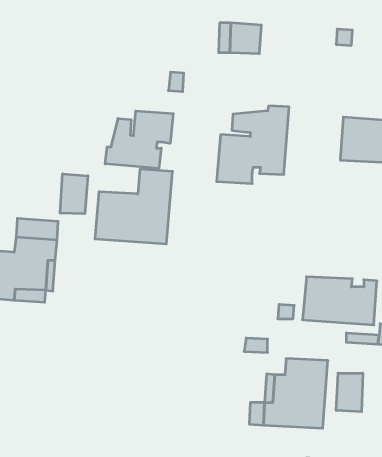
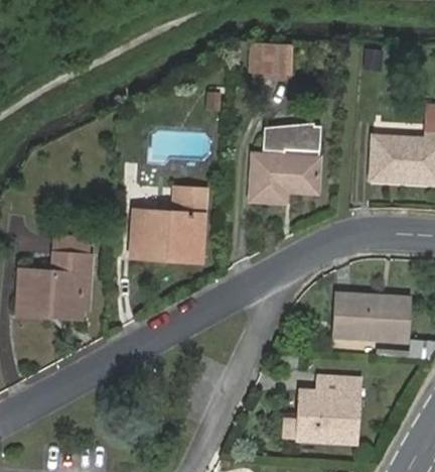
building: [105,111,173,168] -> none
building: [60,174,88,214] -> none
building: [336,373,363,412] -> none

